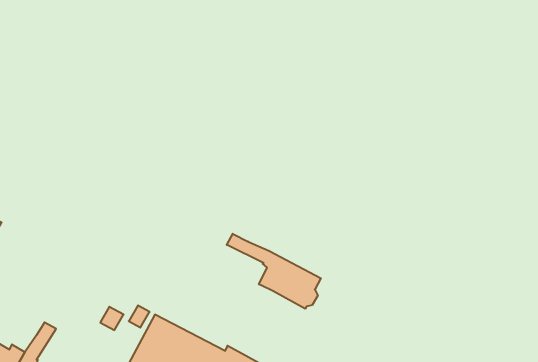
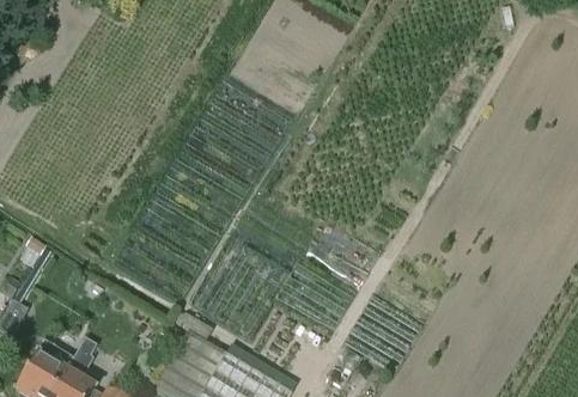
building: [227,234,321,309] -> none

